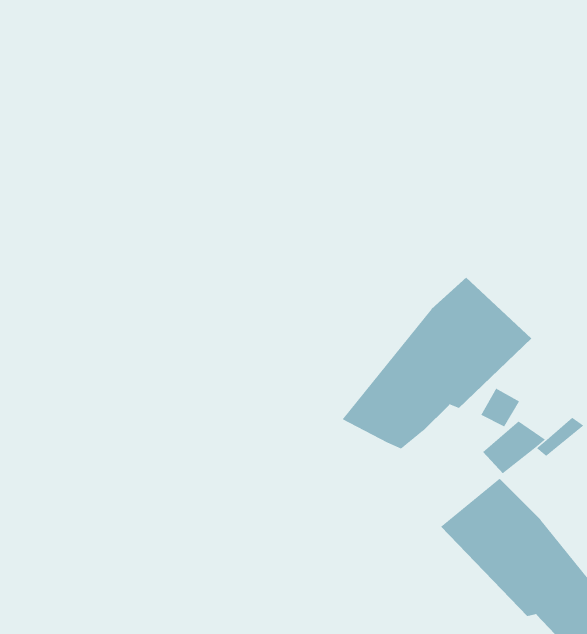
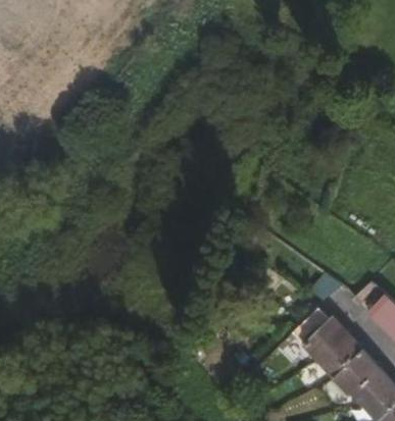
building: [342,277,532,450] -> none

